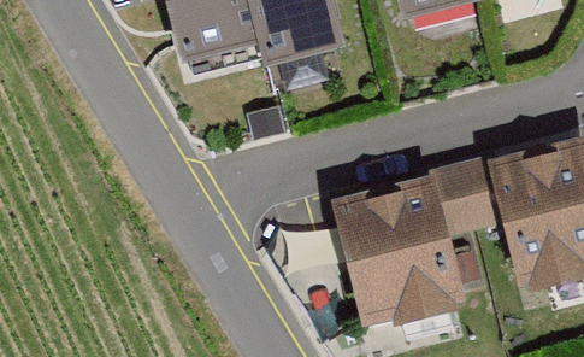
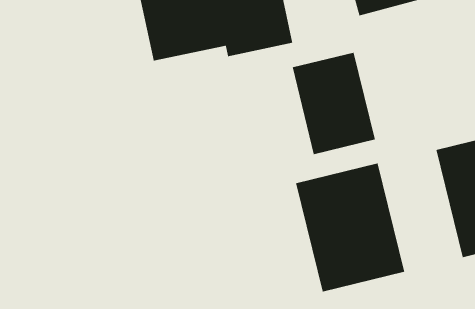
building: none -> [292,52,376,155]

